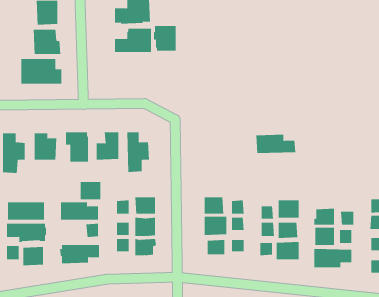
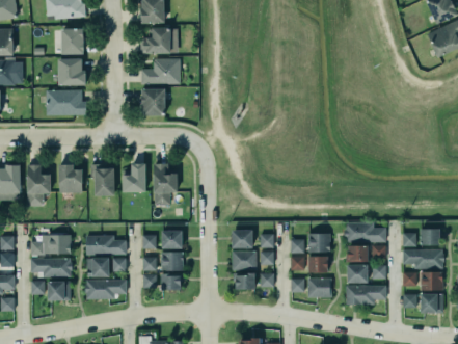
building: [153,26,176,51] -> [142,89,166,115]
building: [256,134,296,153] -> [345,222,386,242]
building: [80,182,101,200] -> [87,259,109,277]

